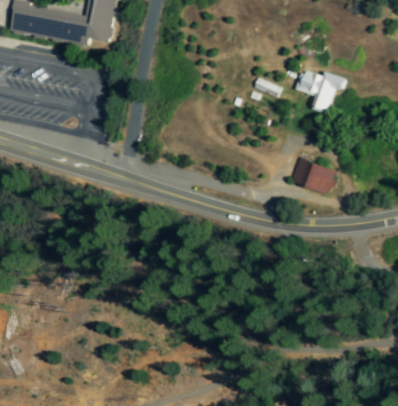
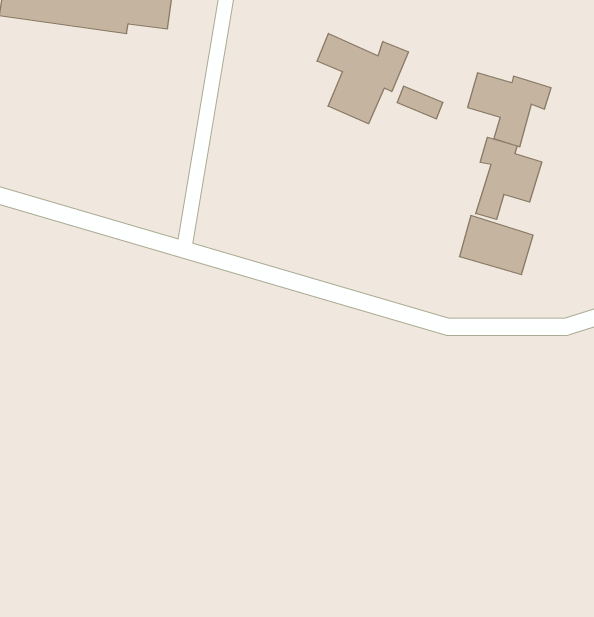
building: none -> [317,33,408,124]
building: none -> [476,137,542,219]

